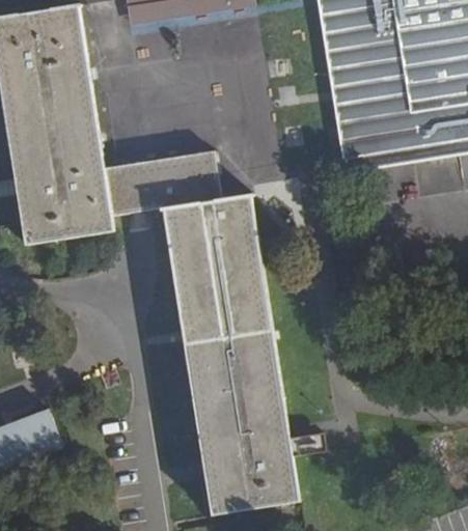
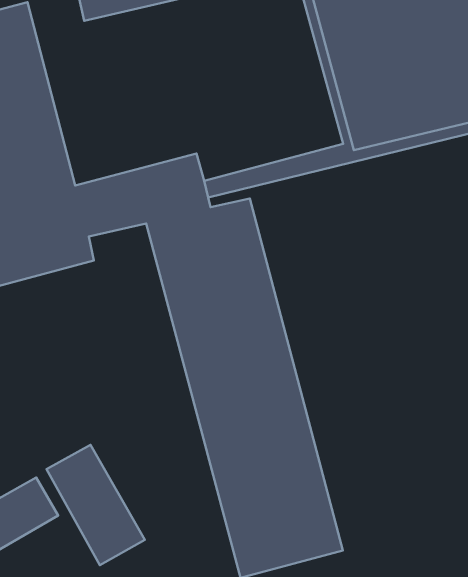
building: none -> [46,445,145,565]

